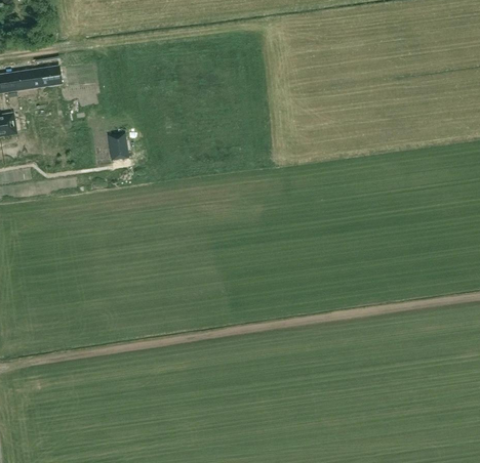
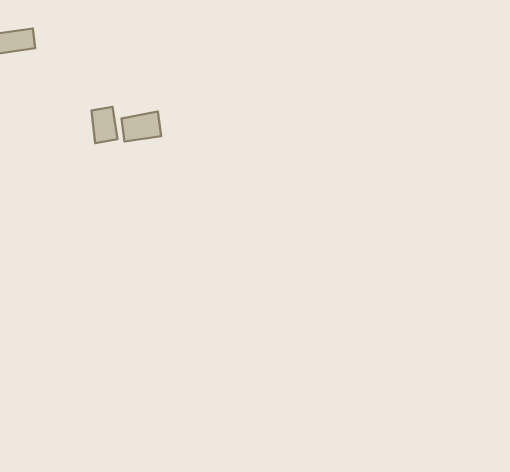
building: none -> [121,111,161,142]

